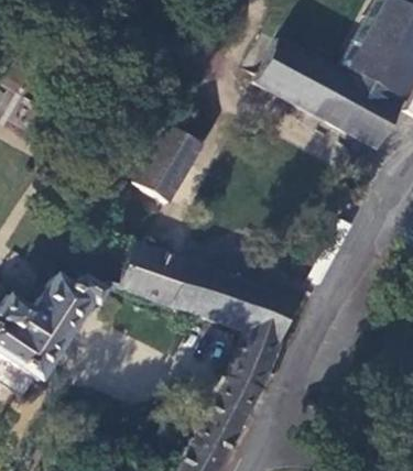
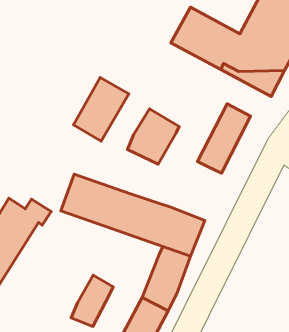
building: none -> [198,104,251,173]
building: none -> [127,109,179,164]
building: none -> [71,275,113,326]

